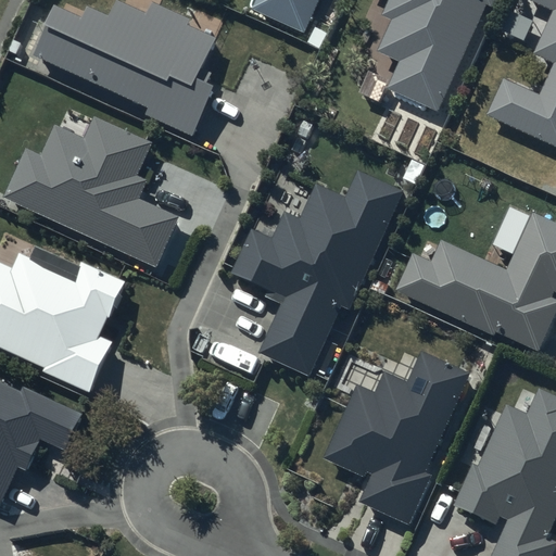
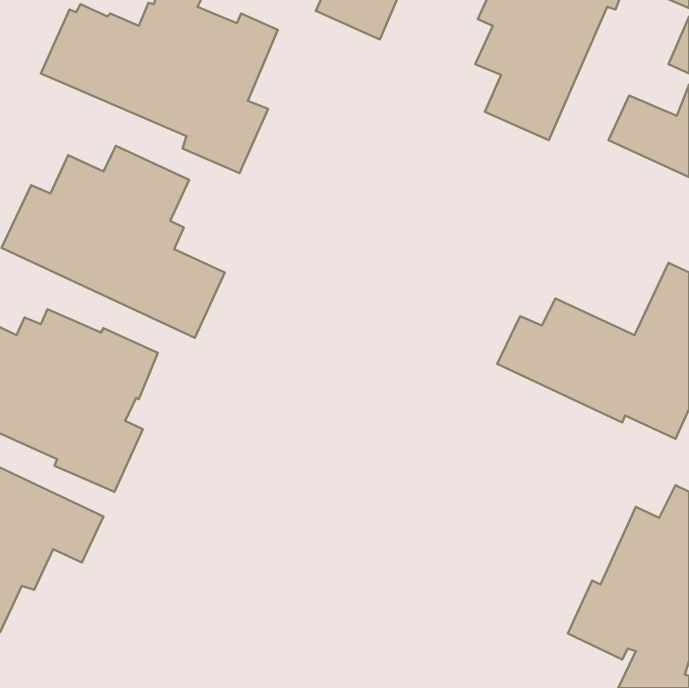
building: [231,170,403,376] -> none
building: [324,350,471,523] -> none

